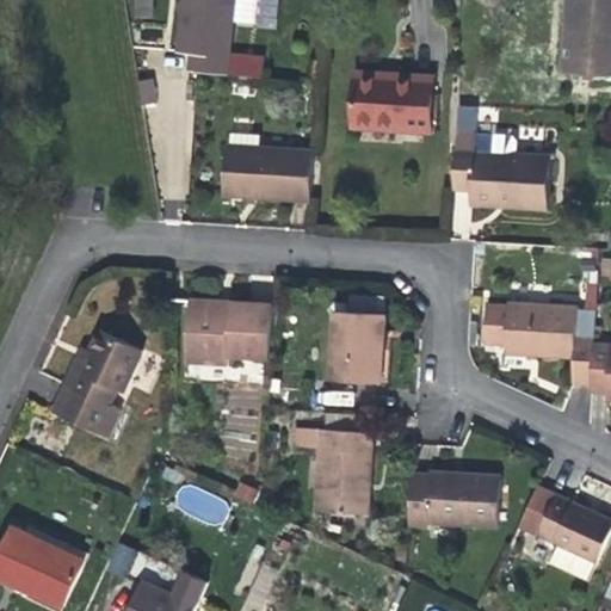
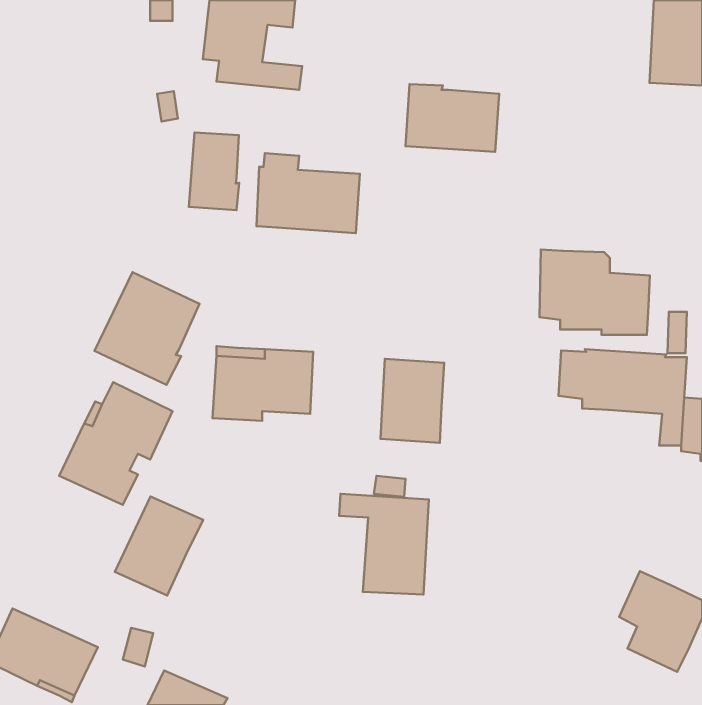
building: none -> [189,132,239,210]
building: [451,130,547,204] -> [539,249,650,335]
building: none -> [95,272,200,385]
building: none -> [115,496,203,595]
building: [407,471,500,526] -> none

